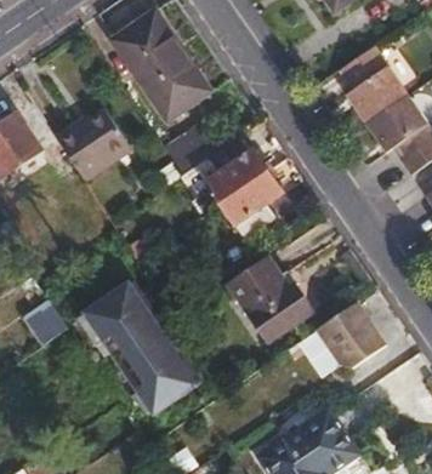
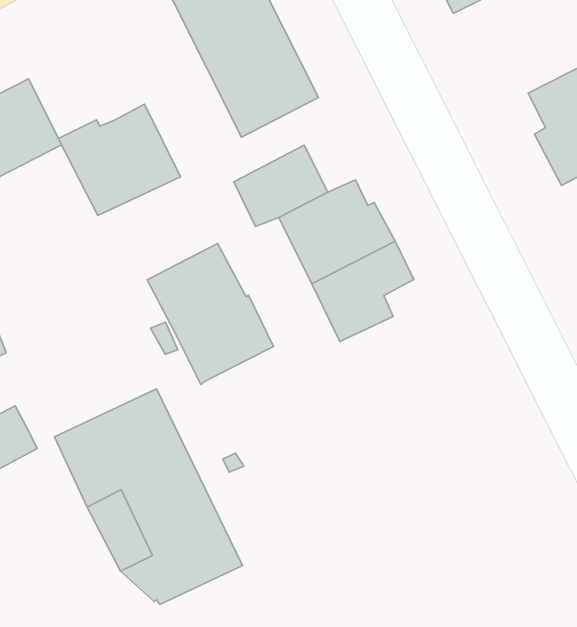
building: [228,257,311,344] -> [147,243,274,385]
building: [313,304,390,382] -> none

